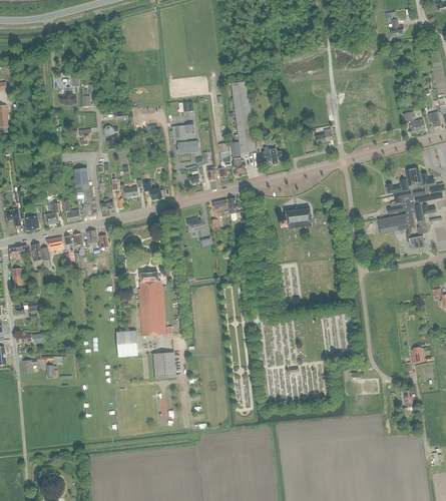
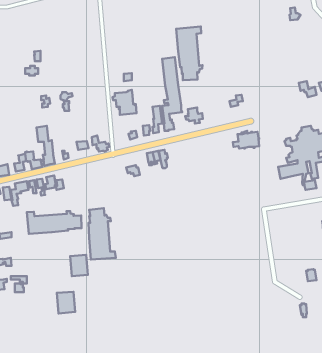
building: none -> [176,26,202,80]
building: [279,206,312,228] -> [233,131,259,149]
building: none -> [27,211,81,234]
building: [152,352,175,379] -> [57,292,75,313]

